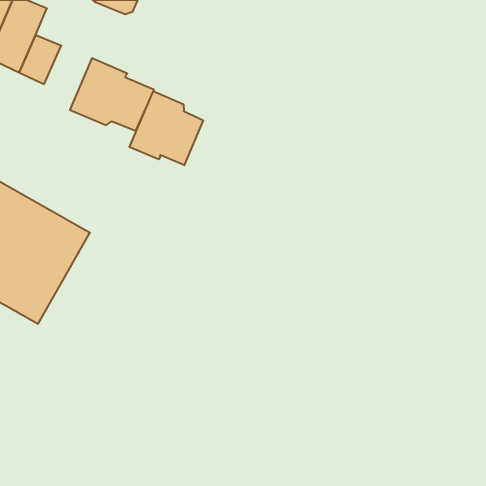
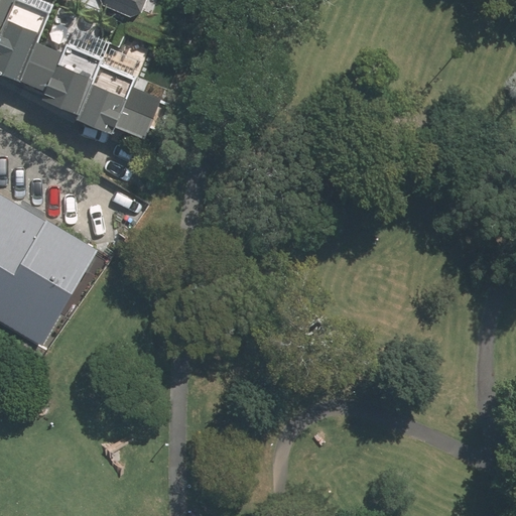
building: none -> [43,45,99,113]
building: [129,91,203,165] -> none

